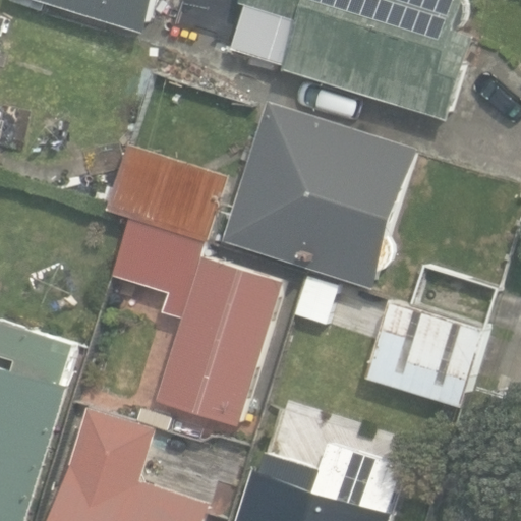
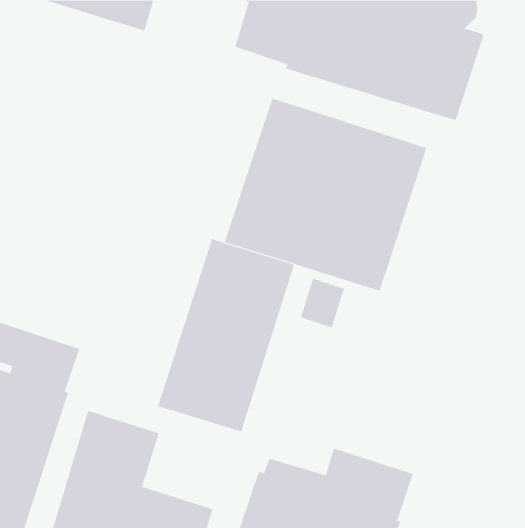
building: [105,146,225,319] -> none
building: [362,298,483,409] -> none

